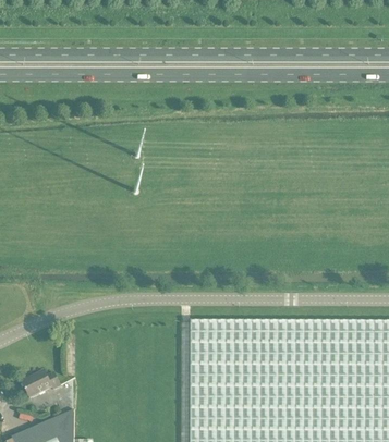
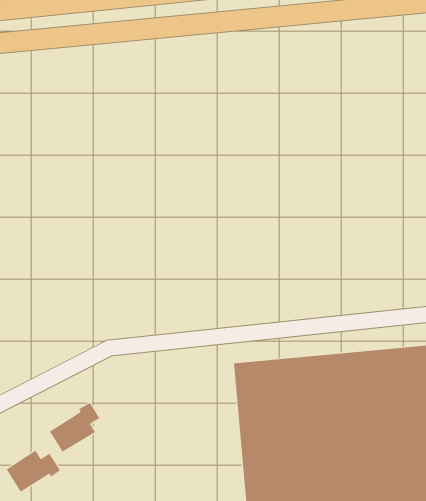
building: none -> [49,402,100,453]

